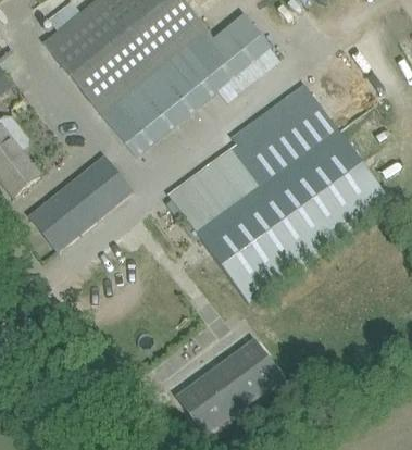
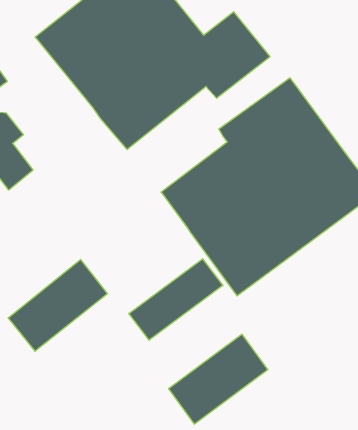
building: [29,157,130,250] -> [8,259,107,351]
building: none -> [129,259,223,340]

